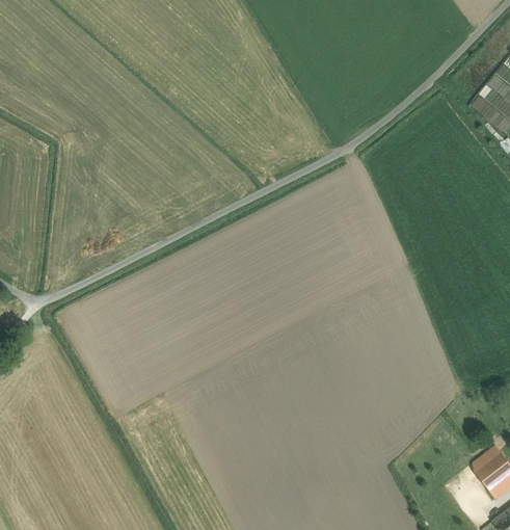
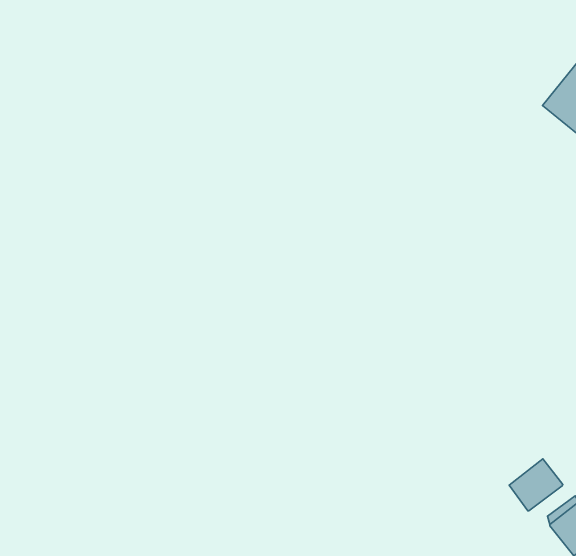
building: none -> [509,459,563,511]

